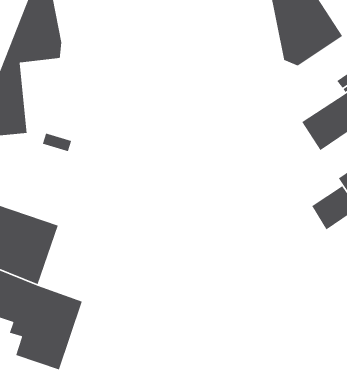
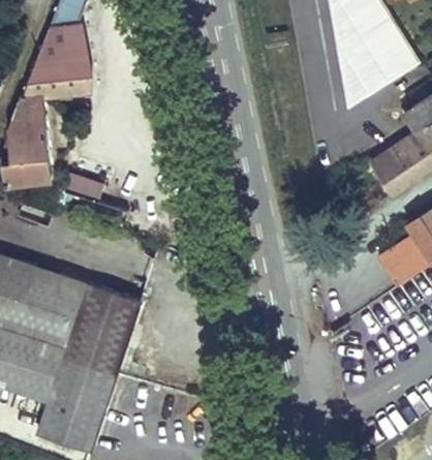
building: none -> [64,281,140,369]

